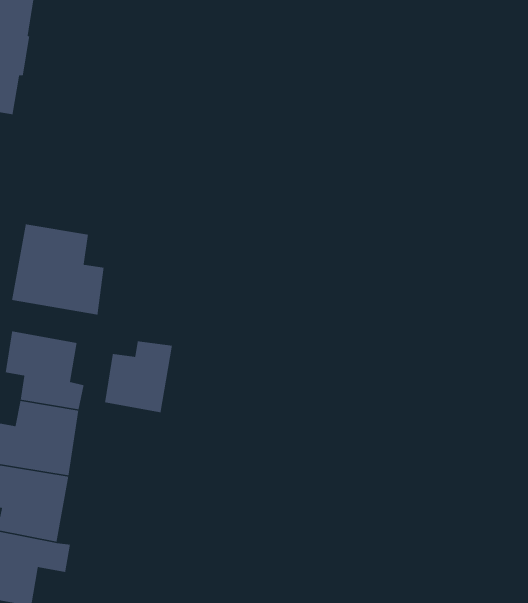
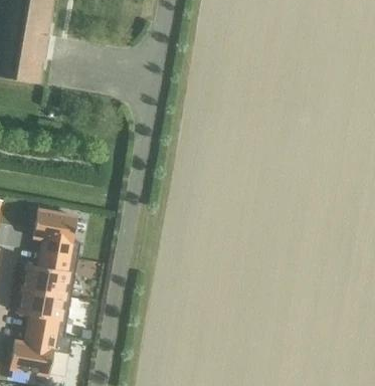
building: [11,223,104,315] -> none
building: [104,340,173,413] -> none

